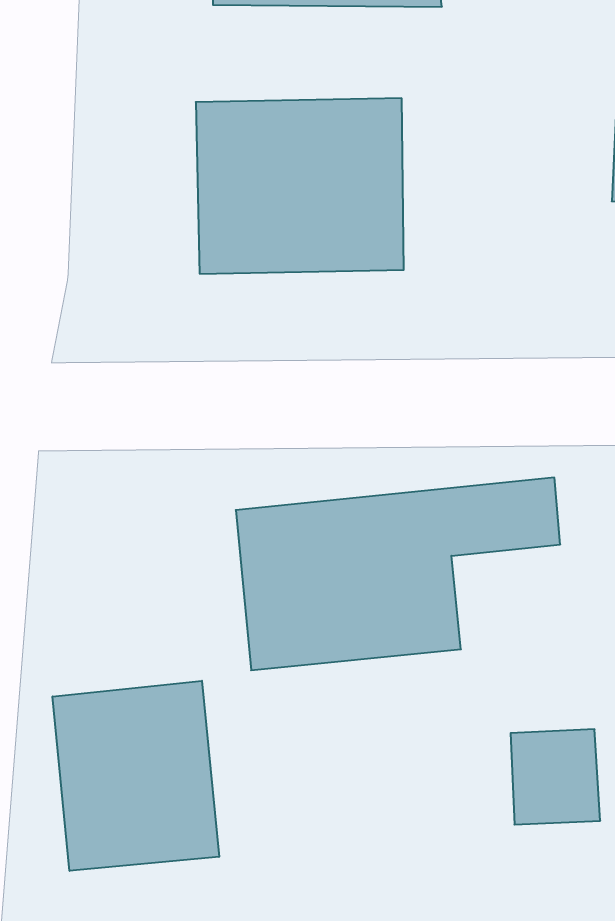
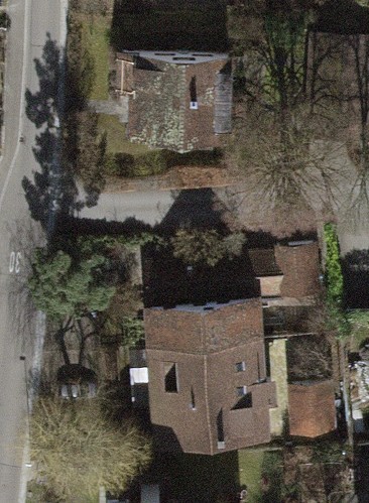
building: none -> [151,350,270,443]
building: [53,681,219,871] -> none

